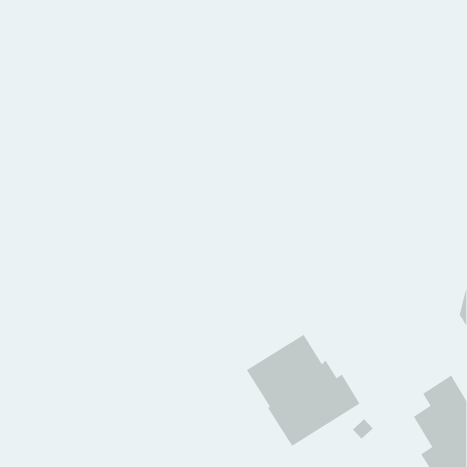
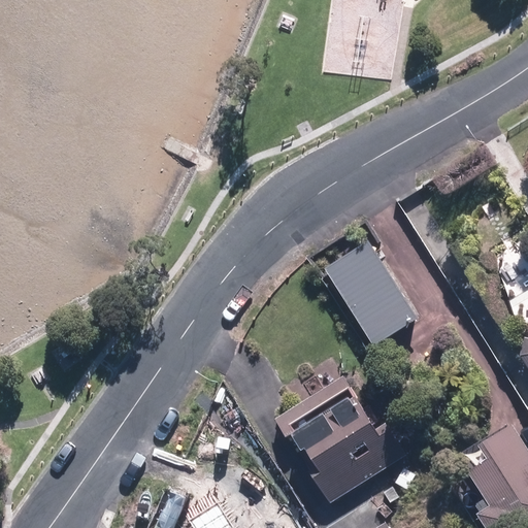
building: none -> [329,242,423,348]

